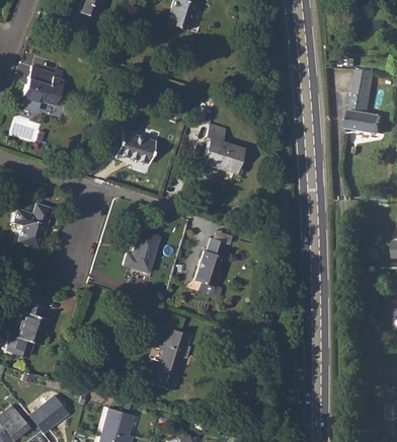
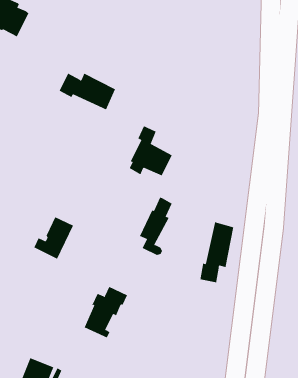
building: [203,125,242,172] -> [129,126,172,176]
building: [123,231,158,272] -> [34,216,74,259]
building: none -> [200,222,234,283]

